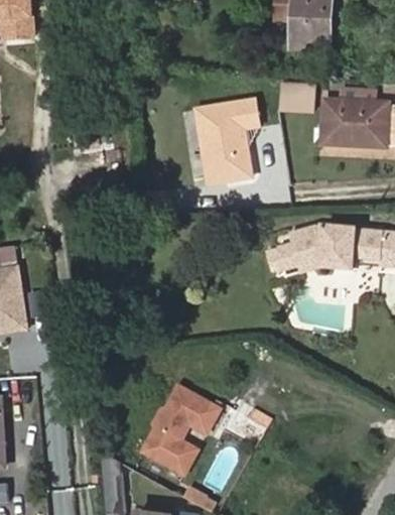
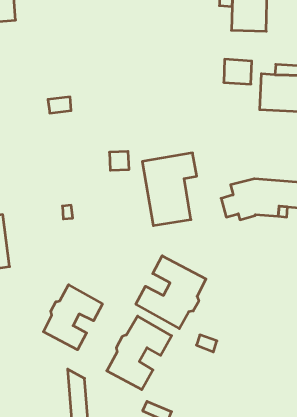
building: [190,101,255,186] -> [142,153,197,226]
building: none -> [136,256,206,329]
building: none -> [43,285,102,350]

